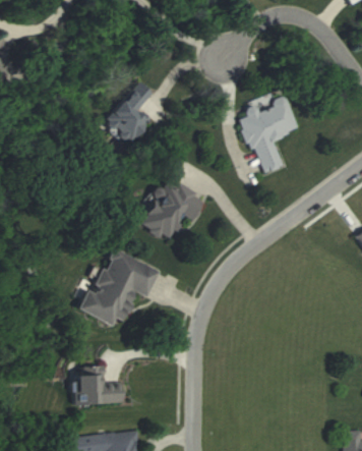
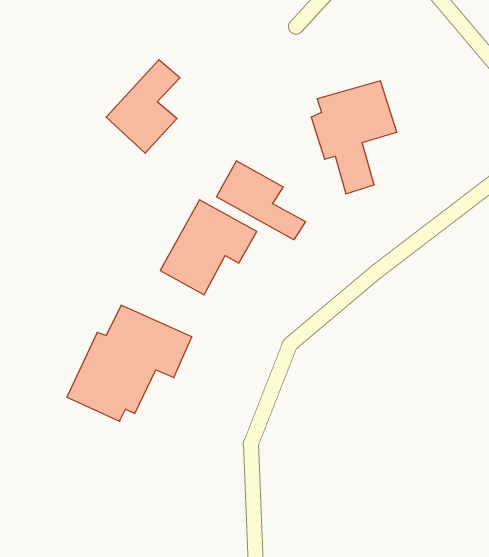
building: none -> [217,161,305,240]
building: [71,374,121,406] -> none

